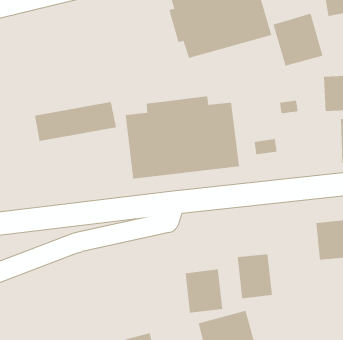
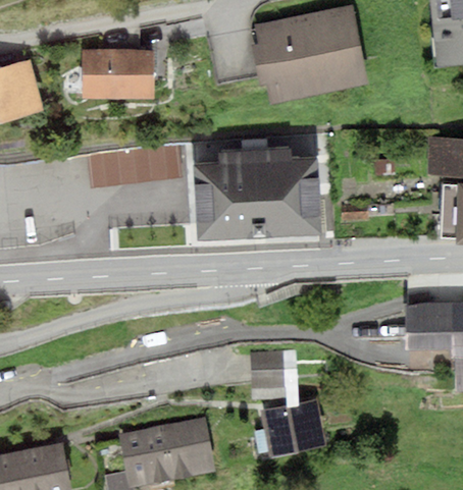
building: [273,13,323,67] -> none
building: none -> [83,50,154,97]
building: [237,254,273,299] -> none

